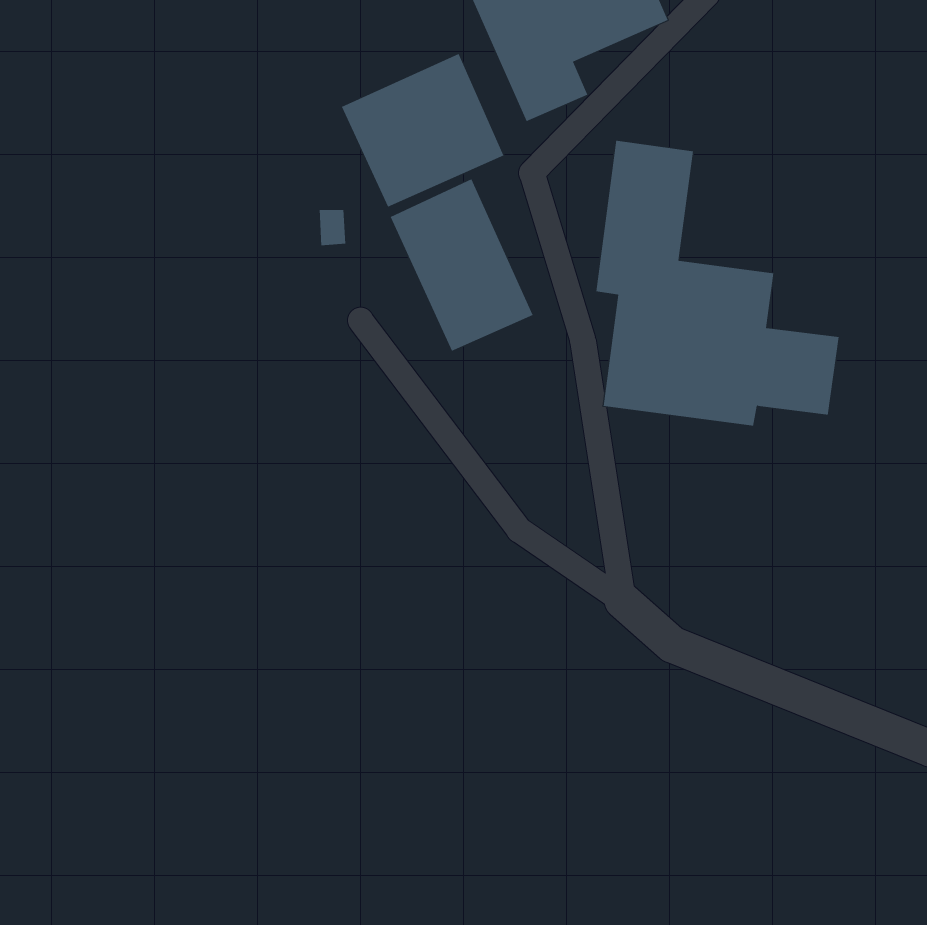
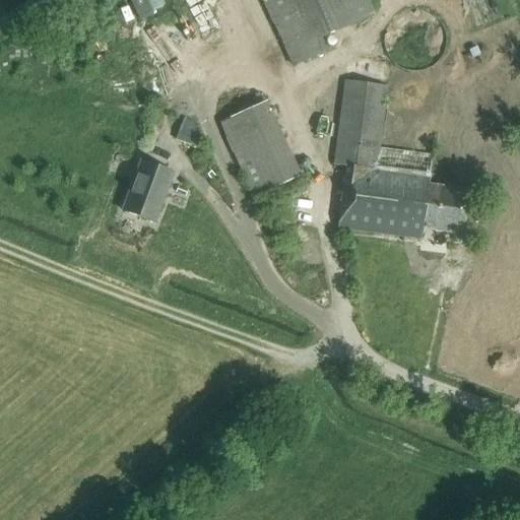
building: [341,53,504,208] -> none
building: none -> [123,159,173,220]

